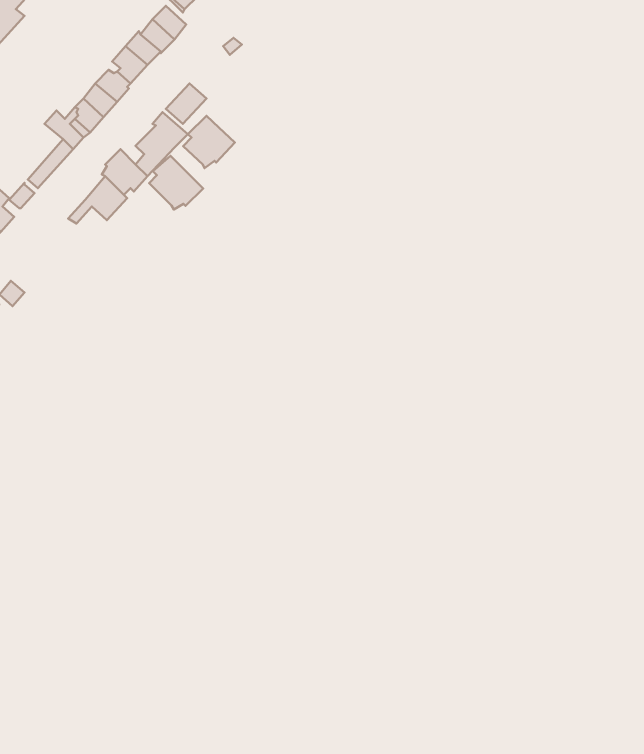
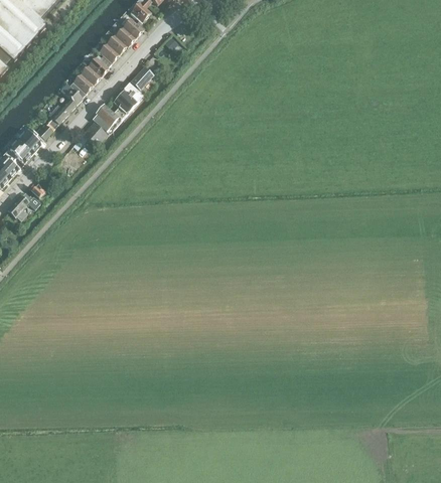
building: [183,116,235,168] -> none
building: [149,156,203,210] -> none

